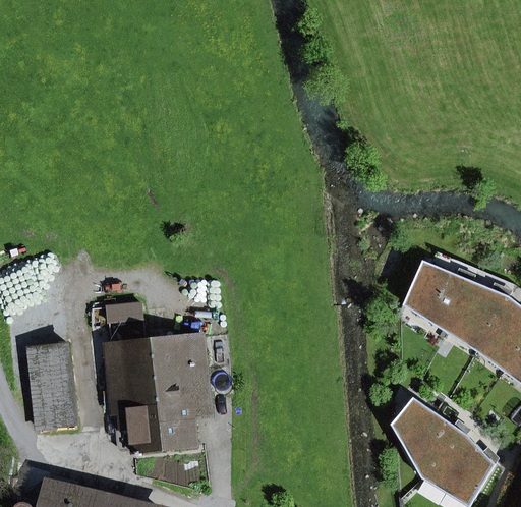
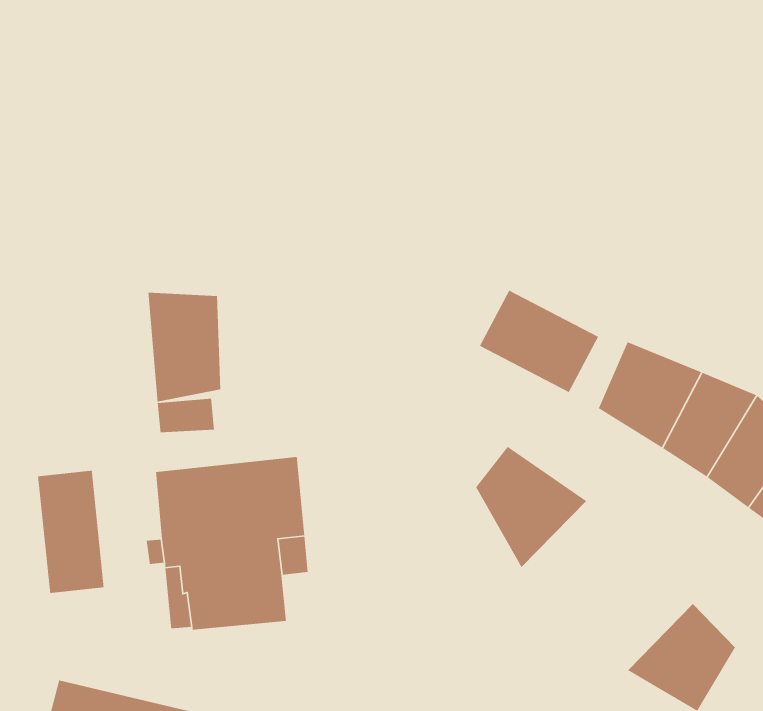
building: none -> [479,290,599,393]
building: none -> [147,292,221,402]
building: [392,396,466,477] -> [475,446,587,568]

